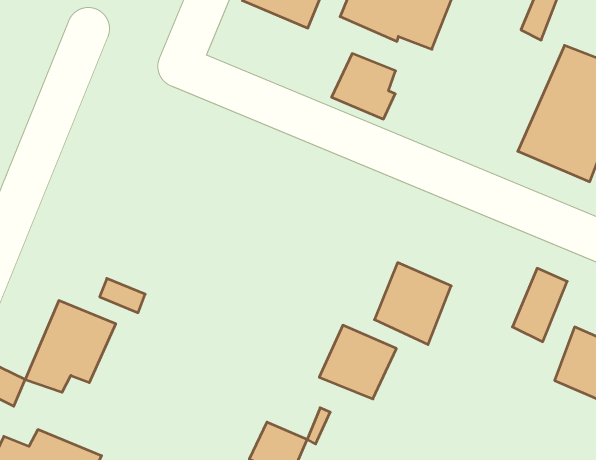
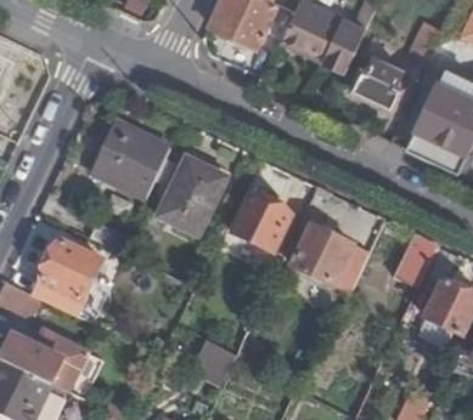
building: [332,54,396,119] -> [353,58,401,108]
building: none -> [91,125,167,198]
building: none -> [157,159,226,235]
building: [319,325,396,399] -> [232,197,291,252]

